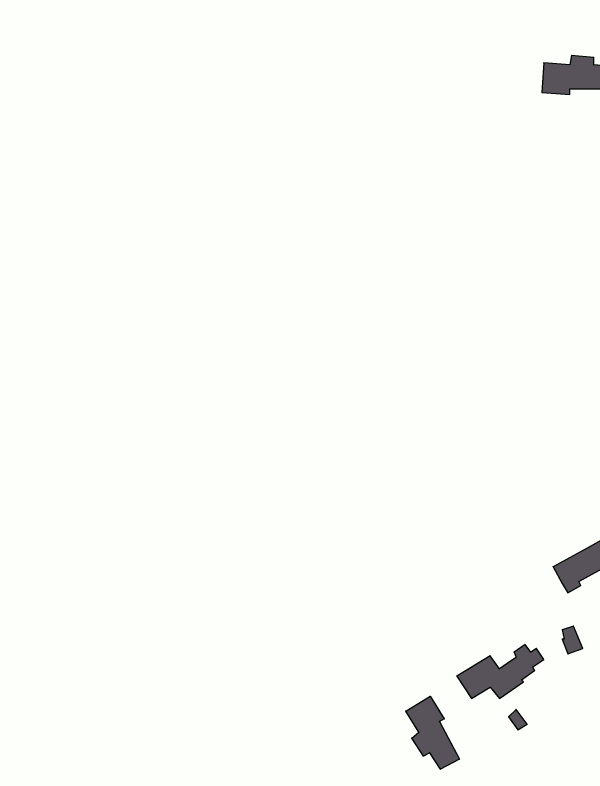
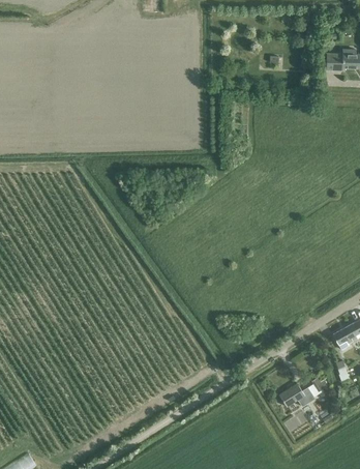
building: [406,696,459,769] -> none

